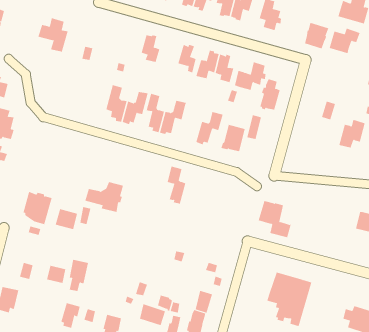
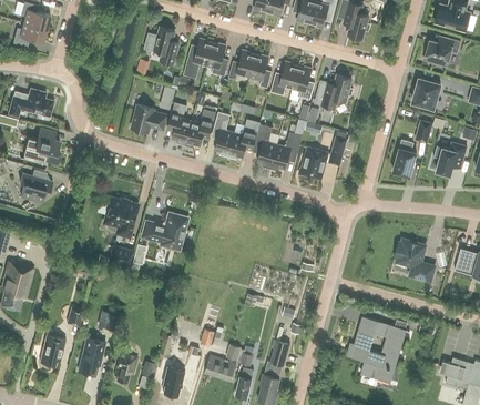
building: [38,18,68,52] -> [144,27,180,67]
building: [304,22,329,49] -> [411,78,440,109]
building: none -> [183,39,212,79]
building: none -> [227,50,255,80]
building: [259,79,280,110] -> [391,140,416,176]
building: none -> [130,104,167,134]
building: [167,166,186,204] -> [254,124,276,169]
building: [23,191,52,225] -> [103,198,137,236]
building: [258,200,292,238] -> [395,240,433,283]
building: [69,259,89,292] -> [81,337,104,375]

